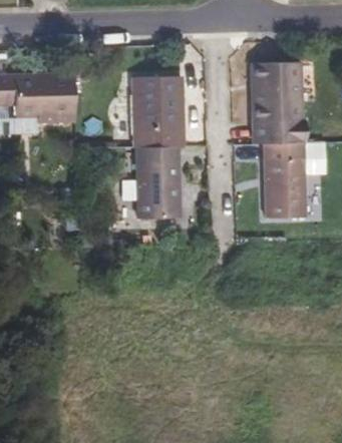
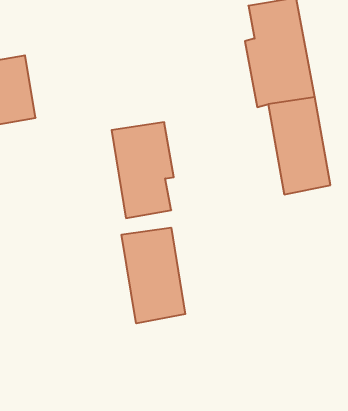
building: [131,75,183,145] -> none
building: none -> [122,228,185,323]

